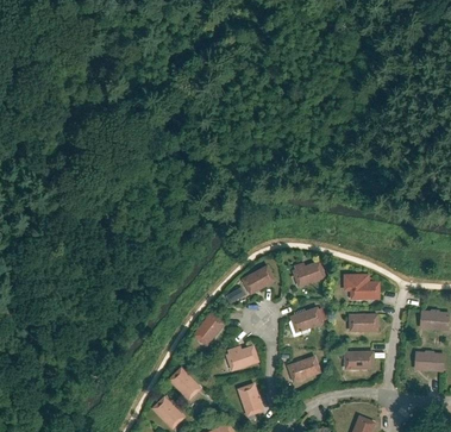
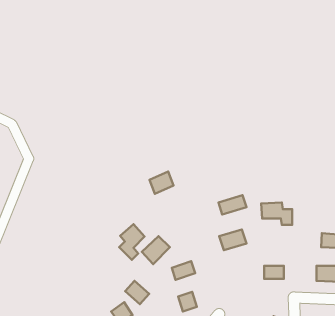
building: [249,265,280,294] -> [149,172,174,194]
building: none -> [119,224,145,260]
building: [347,312,381,332] -> none
building: [288,356,322,382] -> none

